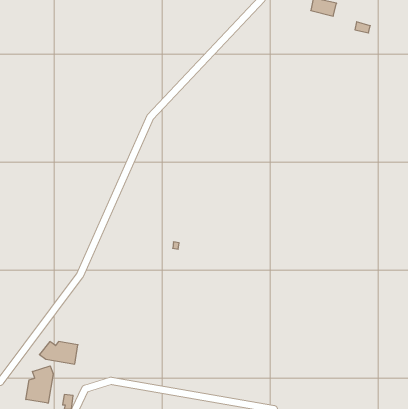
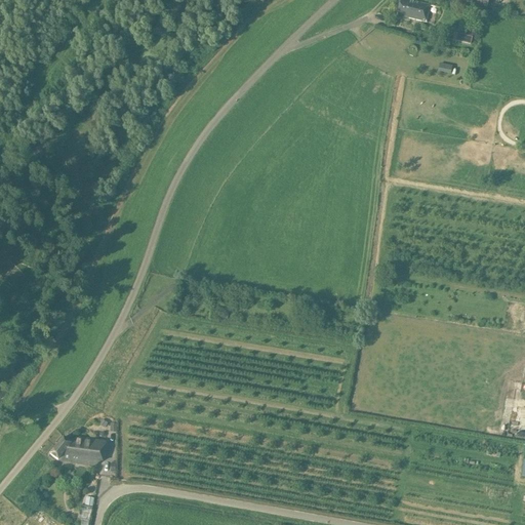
building: [26,366,53,403] -> none

